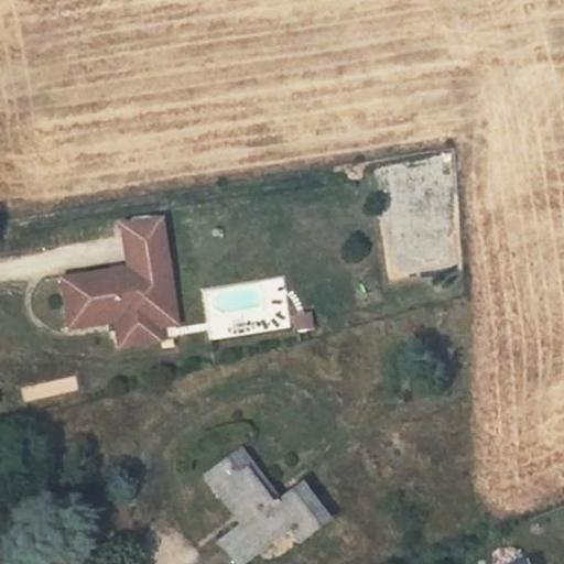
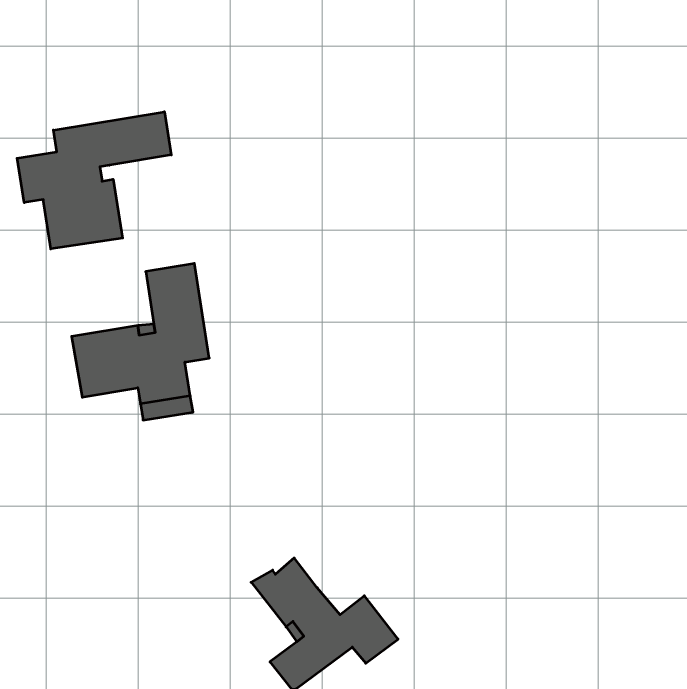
building: none -> [17,112,171,249]

